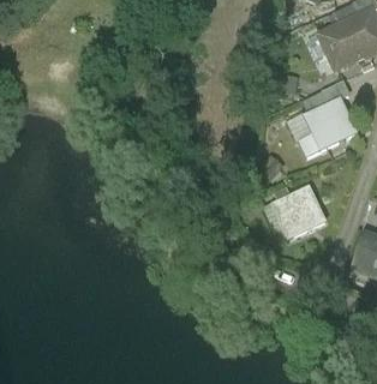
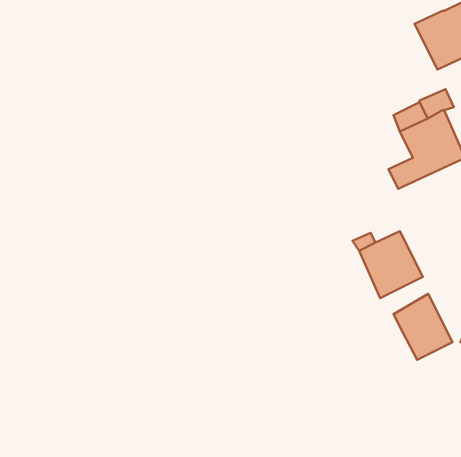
building: none -> [394,294,452,360]

